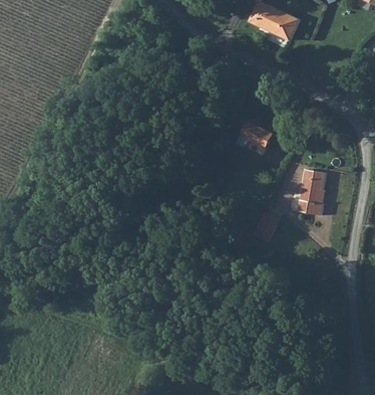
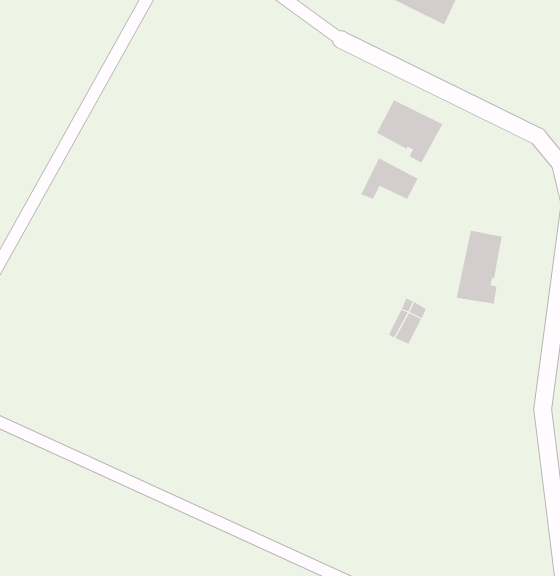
building: none -> [376,99,443,164]

